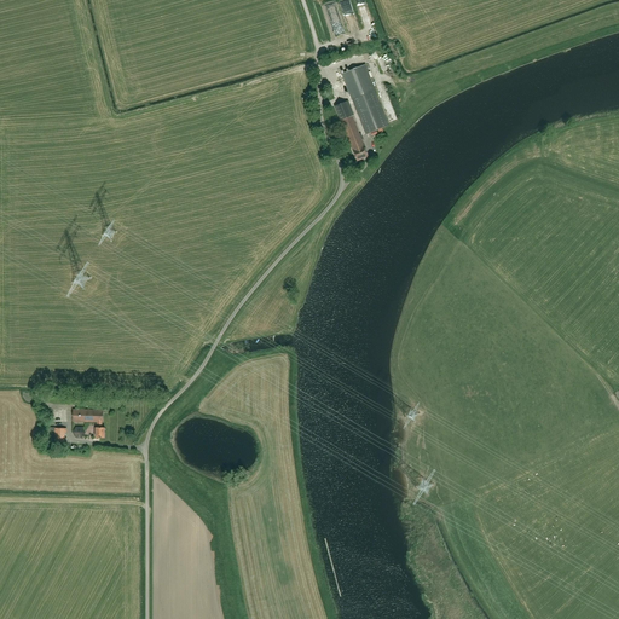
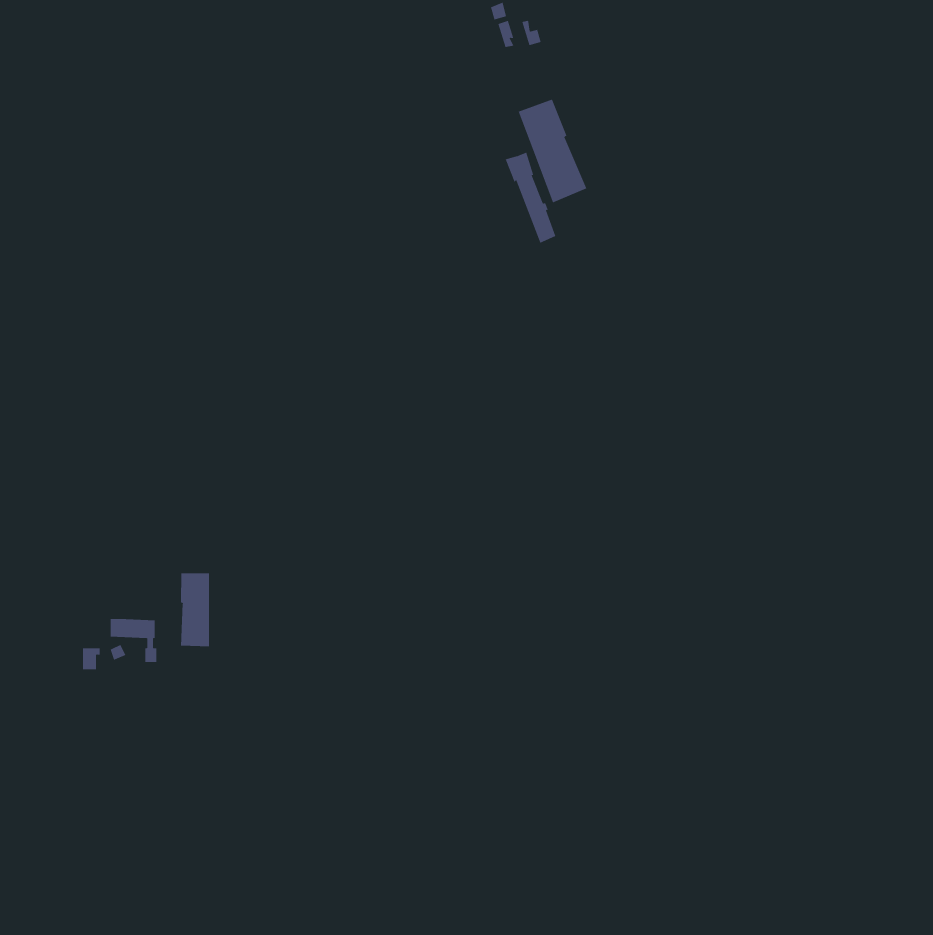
building: none -> [180,572,210,647]

